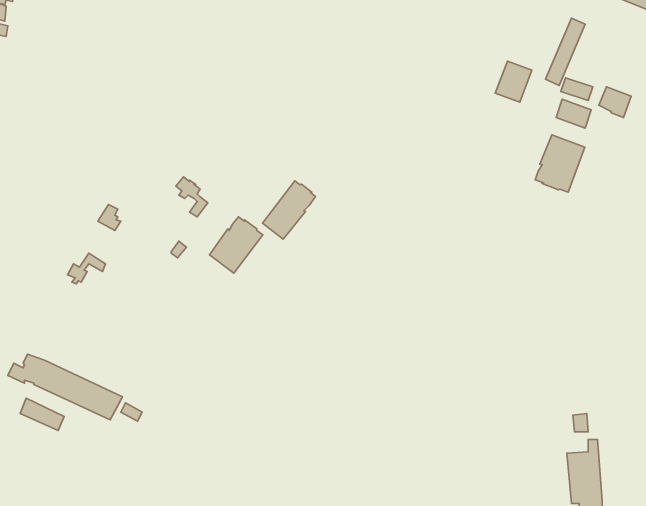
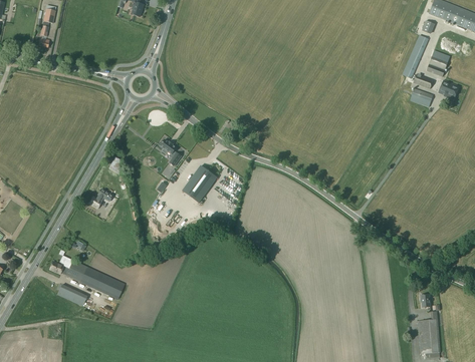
building: [495,61,532,102] -> [425,49,449,76]
building: [535,135,585,192] -> none
building: [263,181,316,239] -> none

